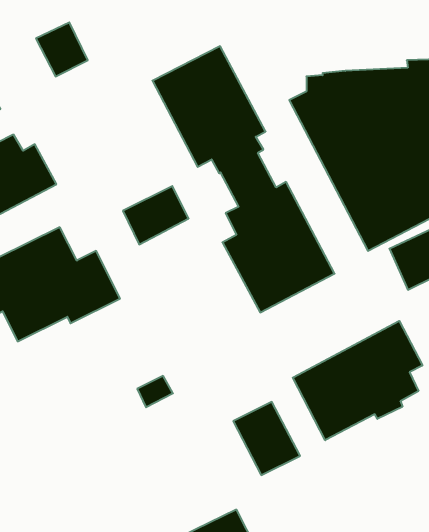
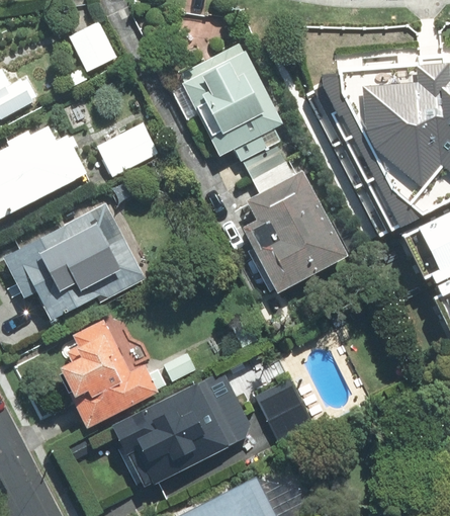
building: [123,186,189,244] -> [97,122,159,177]
building: [293,321,422,440] -> none
building: none -> [59,320,160,428]
building: none -> [112,369,252,489]

